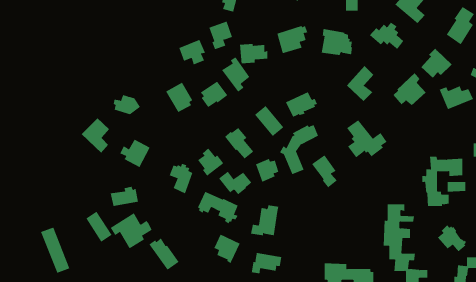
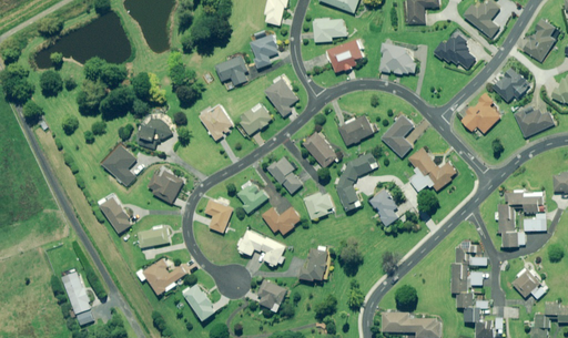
building: [239,43,268,64] -> [313,18,346,41]
building: [346,65,374,102] -> [382,114,414,156]
building: [85,211,112,243] -> [102,196,133,233]
building: [251,252,282,274] -> none

